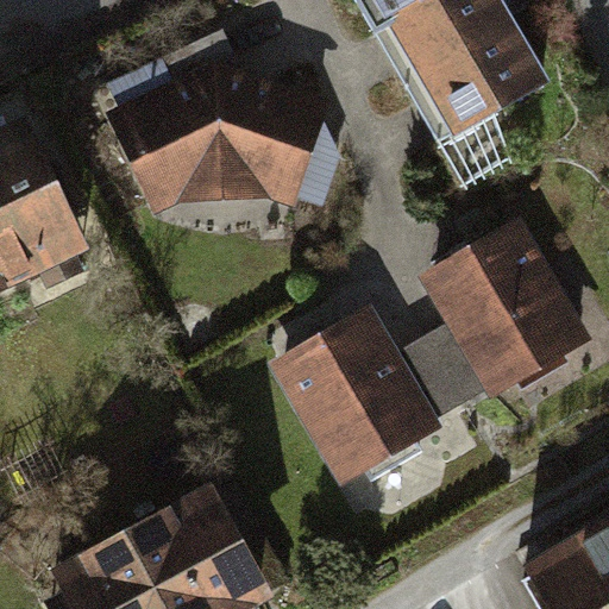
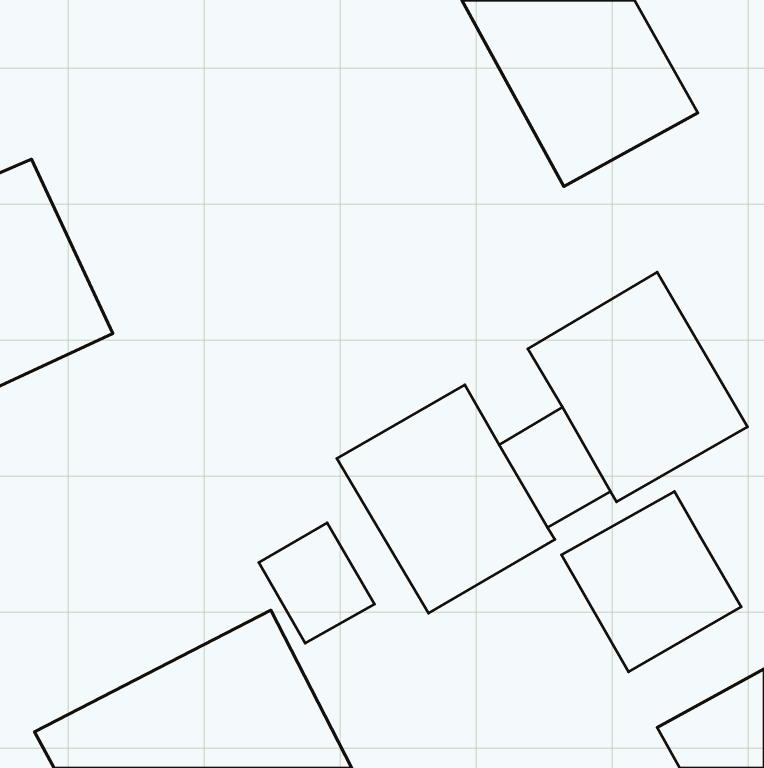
building: [103,59,340,216] -> none
building: none -> [561,491,741,672]
building: none -> [259,523,375,643]

